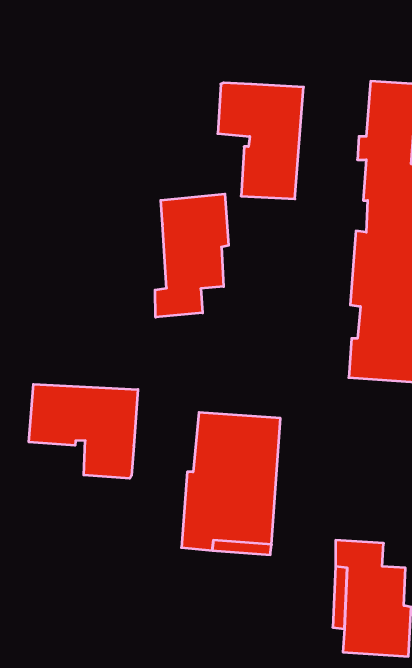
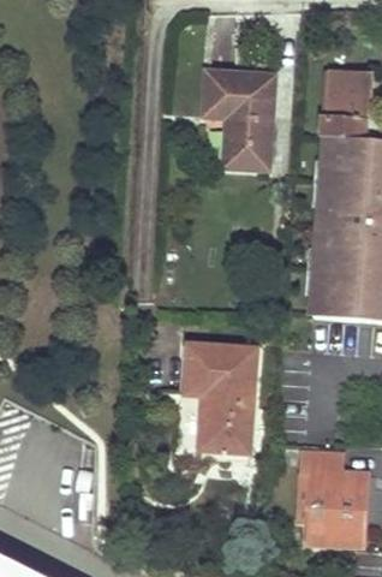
building: [155,194,229,317] -> none
building: [29,384,138,478] -> none

